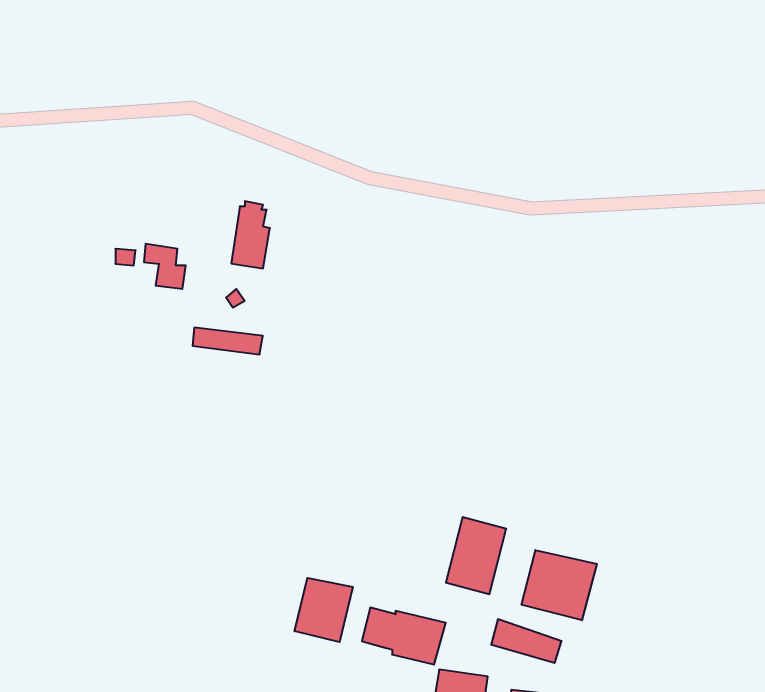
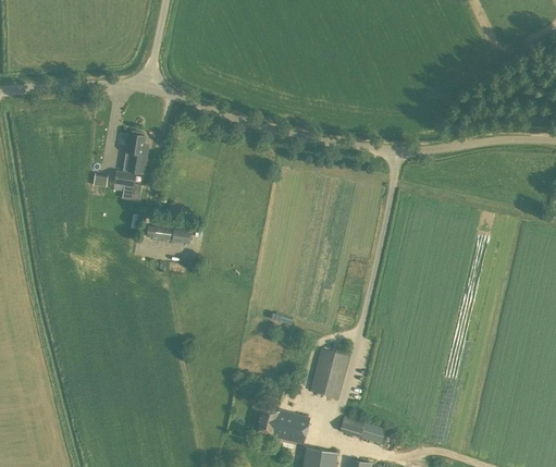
building: [231,201,270,268] -> [123,131,148,174]
building: [521,550,597,620] -> none
building: [295,578,353,642] -> none

